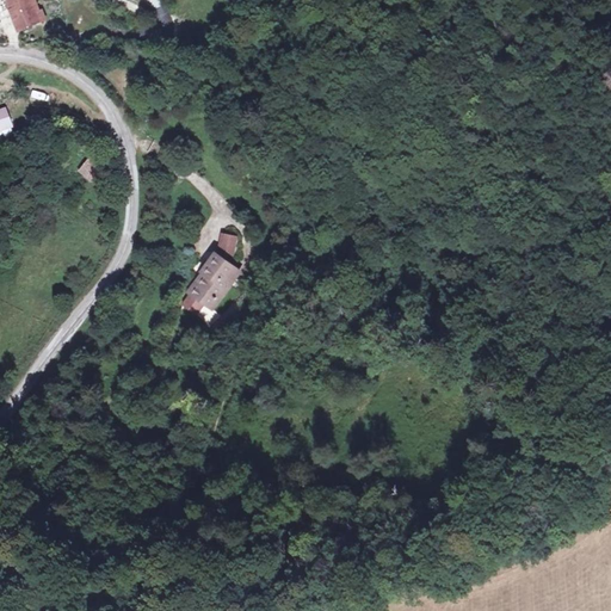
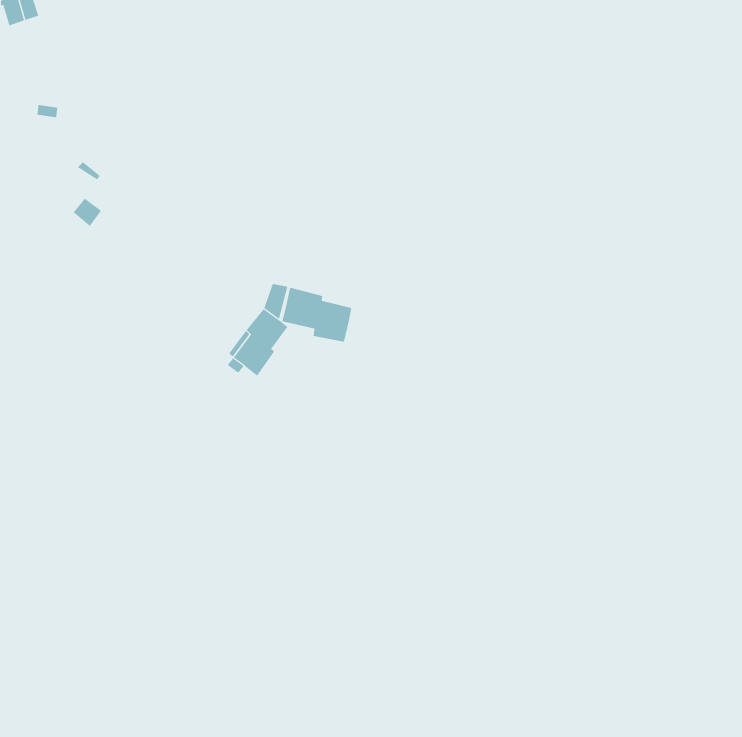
building: none -> [282,287,352,342]

